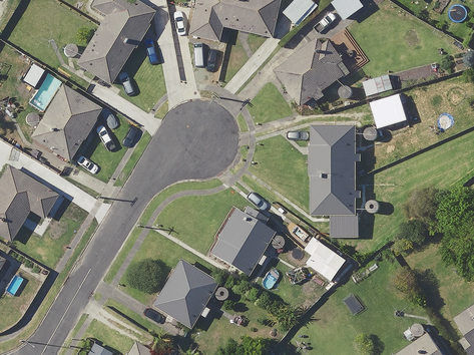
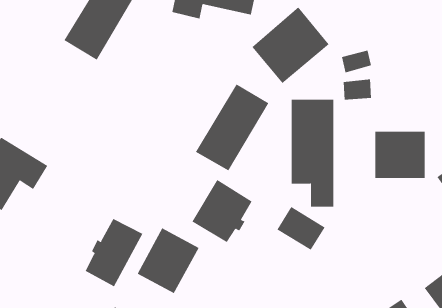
building: [29,84,101,161] -> none
building: none -> [195,83,269,171]
building: none -> [375,131,425,179]
building: none -> [85,218,143,287]

